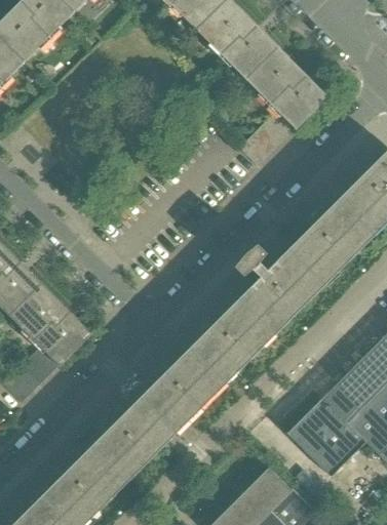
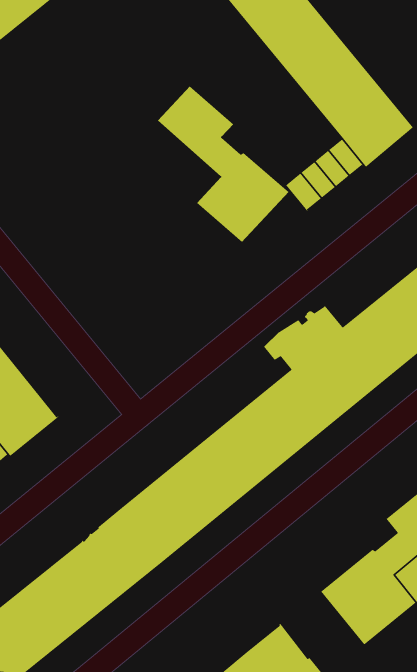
building: none -> [157,86,289,243]

